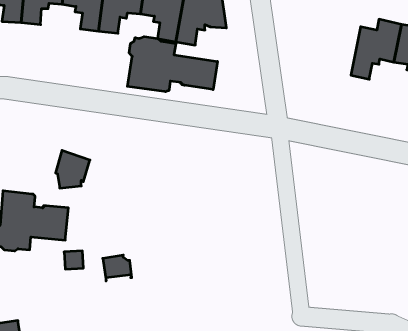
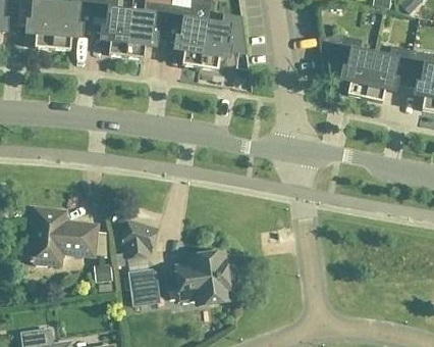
building: none -> [318,34,374,98]
building: [127,37,217,92] -> none
building: [56,150,90,188] -> [123,220,156,256]
building: none -> [166,251,236,304]

